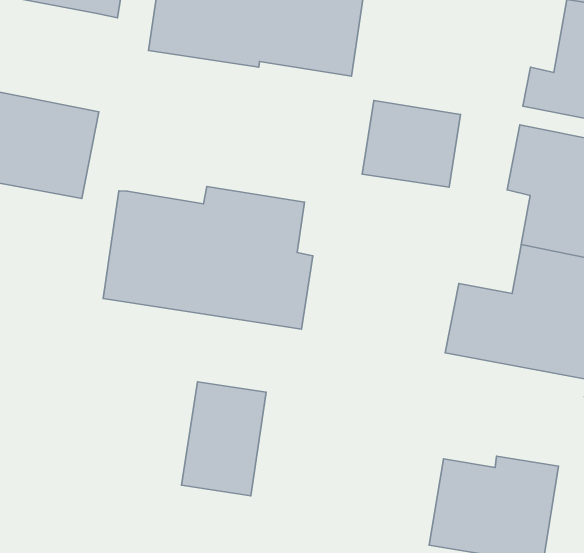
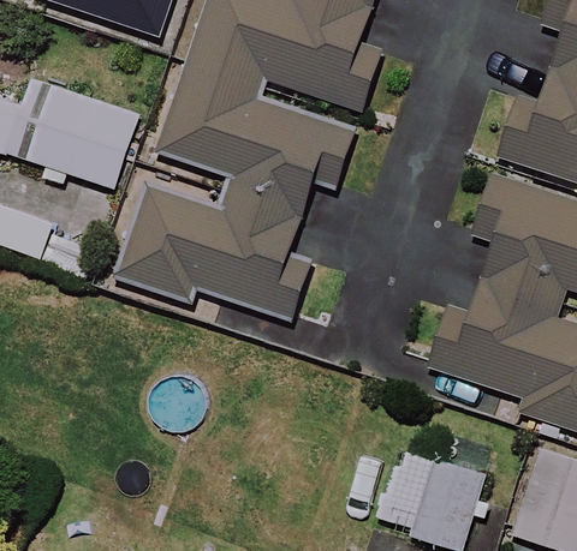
building: none -> [162,68,353,215]
building: [362,100,460,187] -> none
building: [181,382,266,496] -> none

